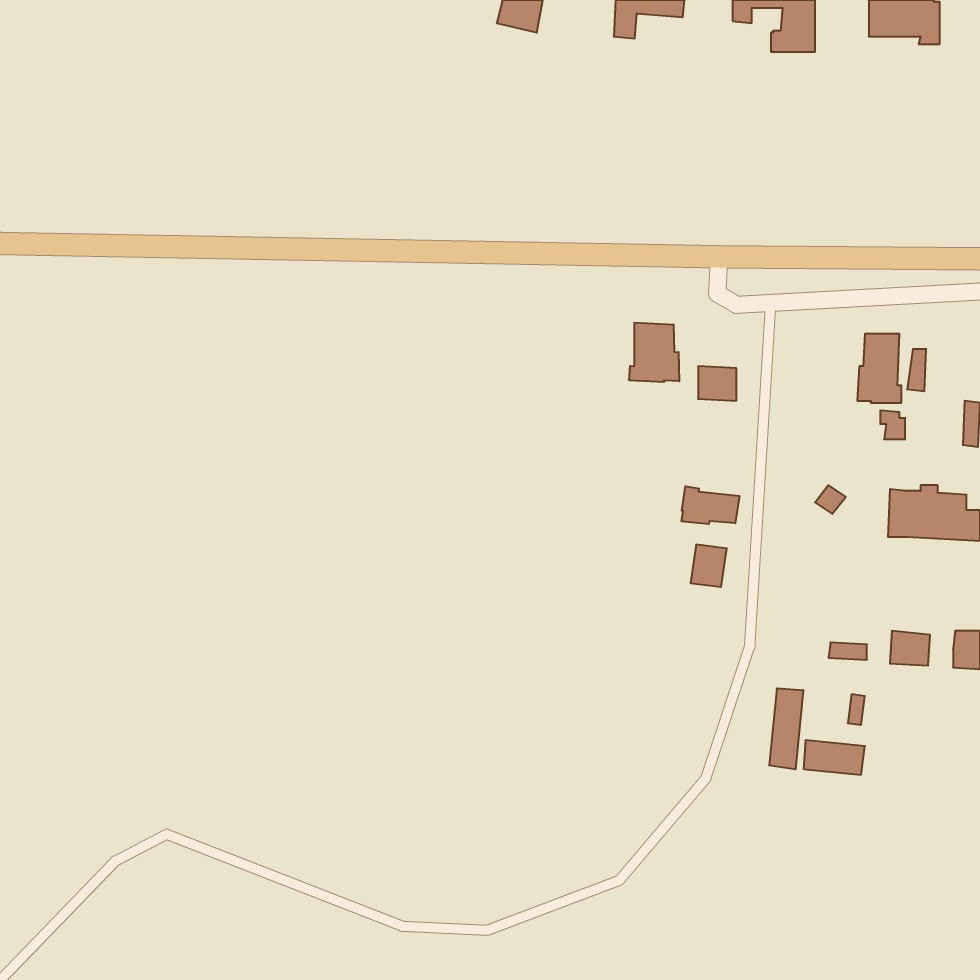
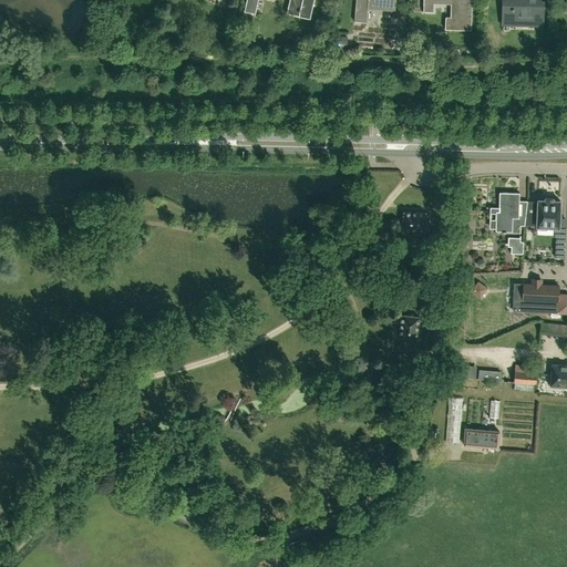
building: [629,323,679,382] -> none
building: none -> [536,197,560,228]
building: [682,486,739,524] -> none

